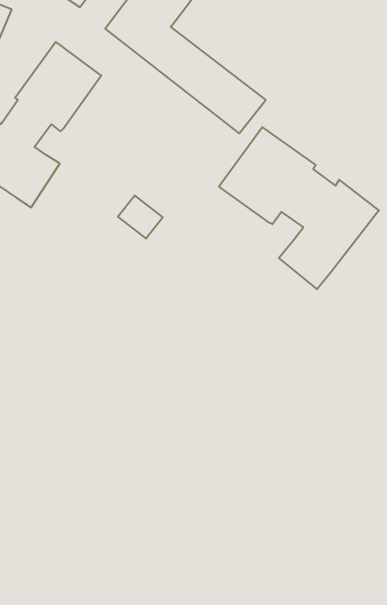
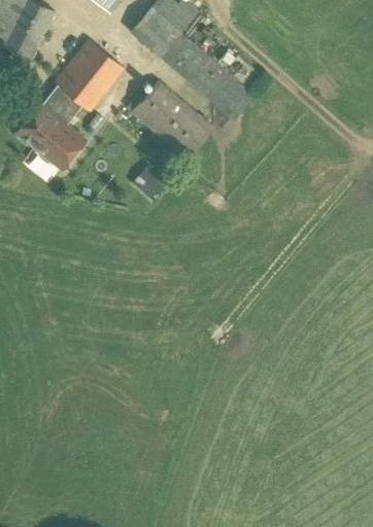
building: none -> [127,80,213,159]
building: [219,127,379,289] -> none

